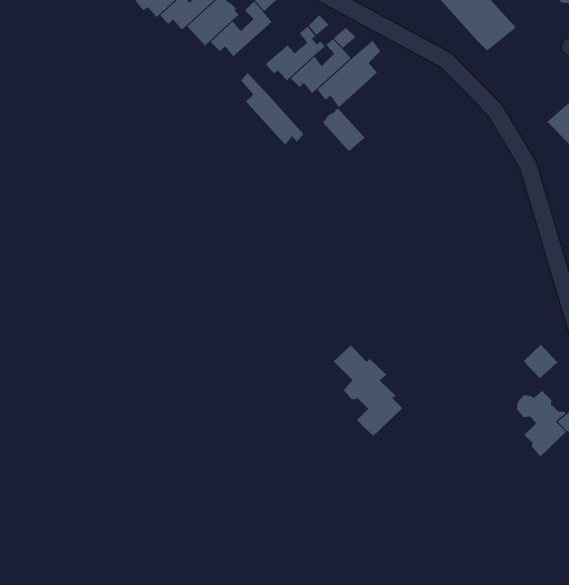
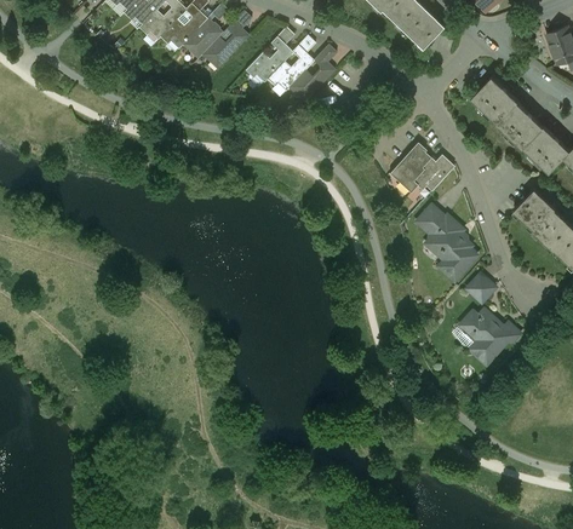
building: [241,72,304,146] -> none
building: [322,108,365,152] -> none
building: none -> [388,142,453,191]
building: [333,345,403,437] -> [417,207,475,278]

